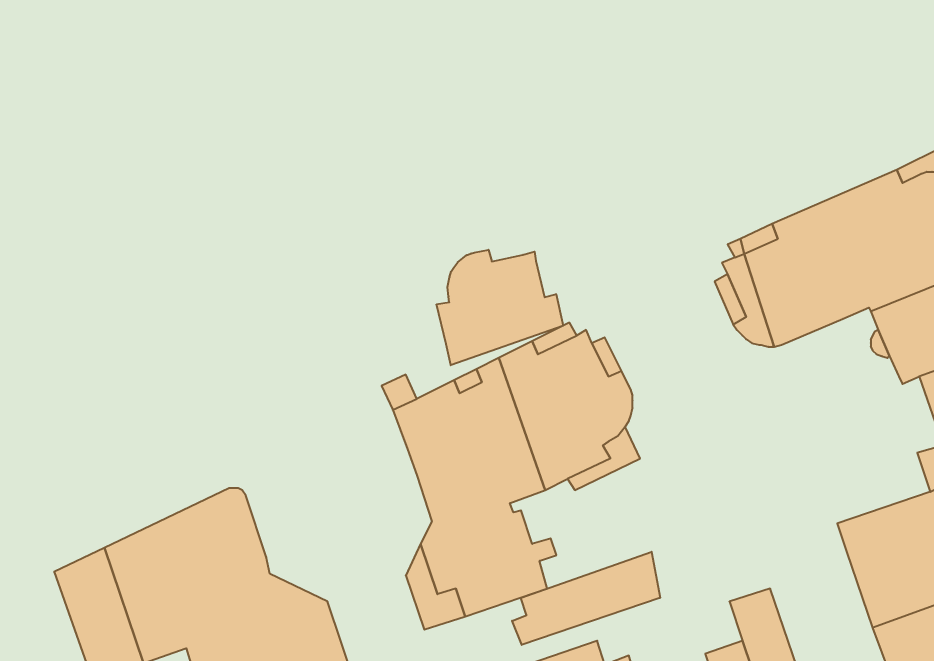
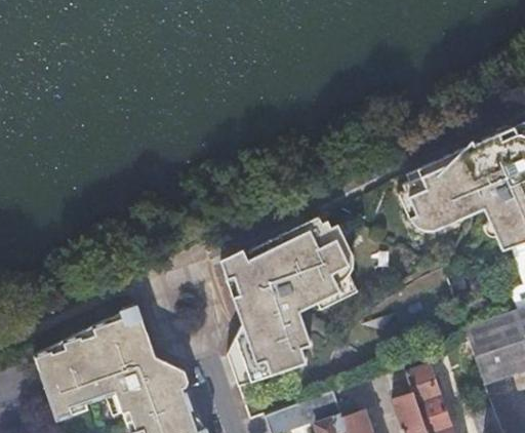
building: [437,250,563,365] -> none
building: [512,552,660,645] -> none

